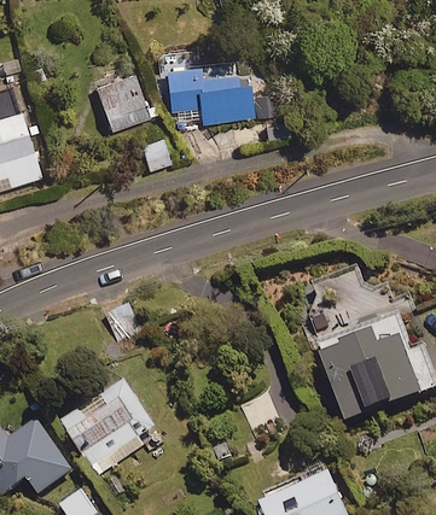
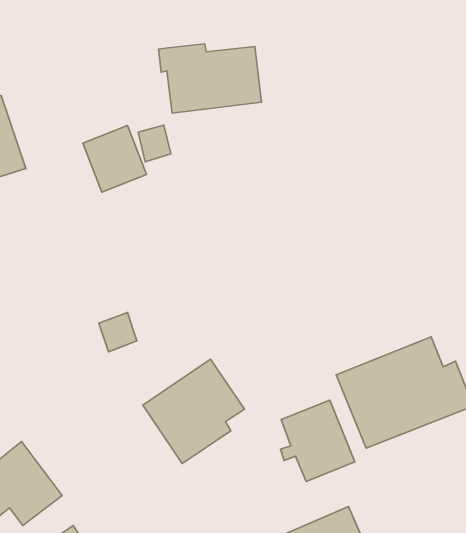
building: [93,69,150,128] -> [83,126,147,192]
building: [63,379,153,472] -> [143,359,244,464]
building: none -> [280,400,355,481]

